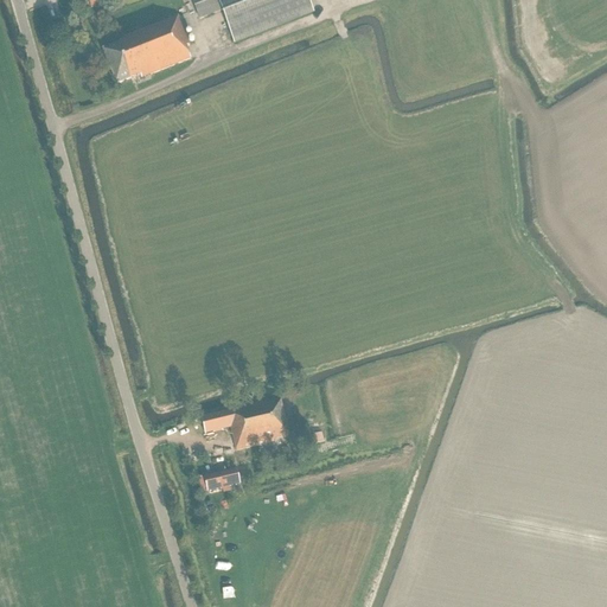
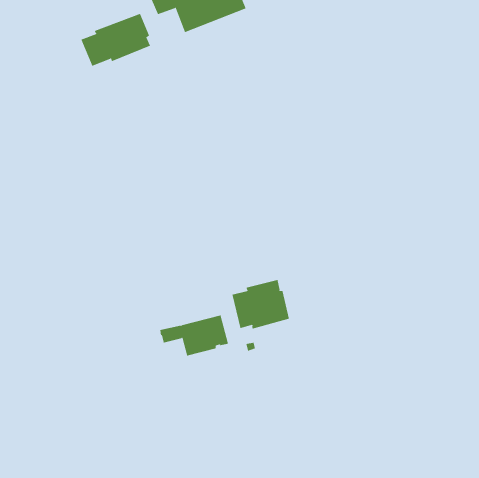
building: none -> [232,279,290,330]
building: [205,467,239,492] -> none

